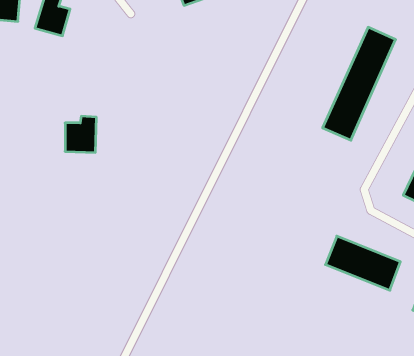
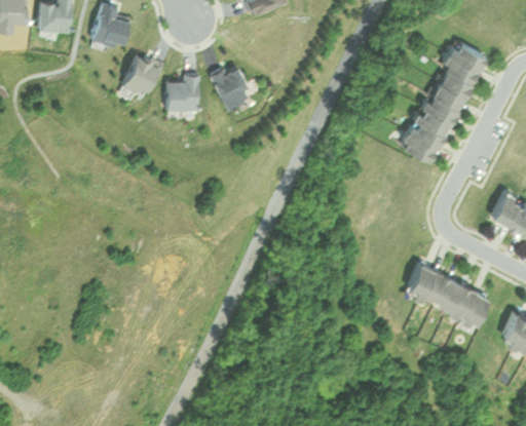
building: none -> [126,56,158,95]
building: none -> [214,67,250,109]
building: [65,116,96,152] -> [166,74,200,113]

